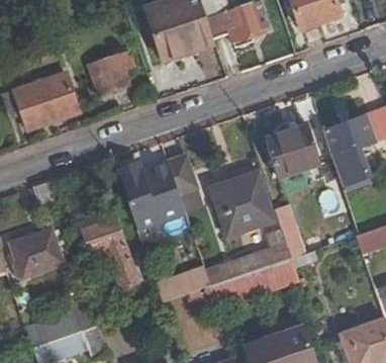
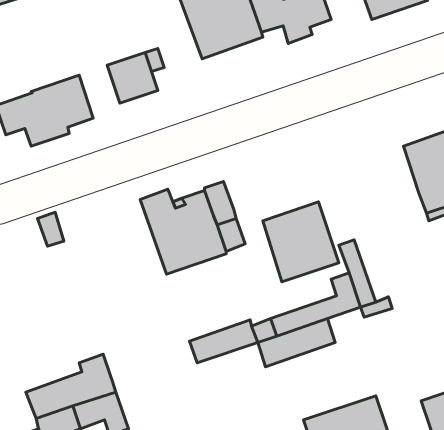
building: [267,125,320,179] -> none
building: [80,216,137,286] -> none
building: [12,229,62,275] -> none

